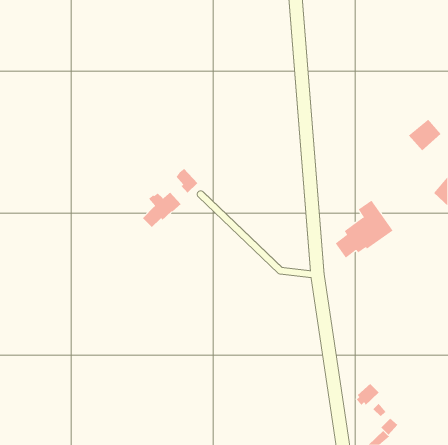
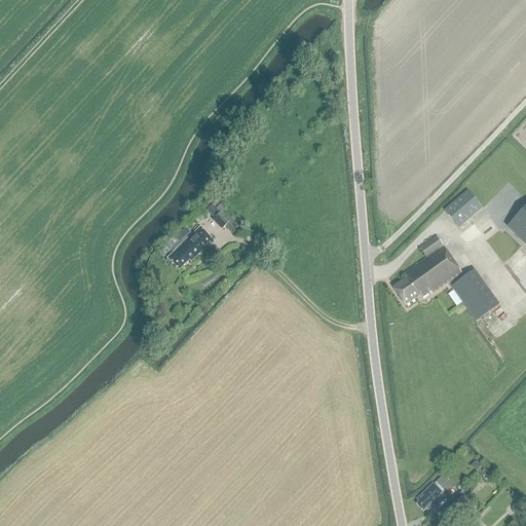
building: [408,119,442,151] -> [443,188,482,226]
building: none -> [451,269,499,320]
building: [356,383,380,406] -> [416,482,444,509]

